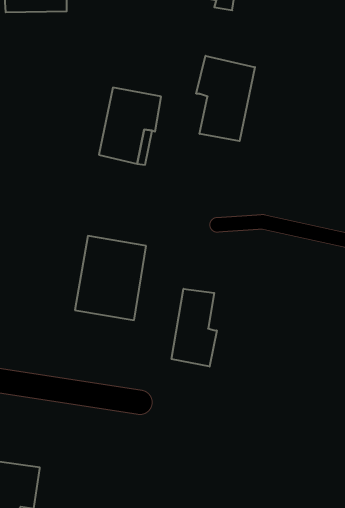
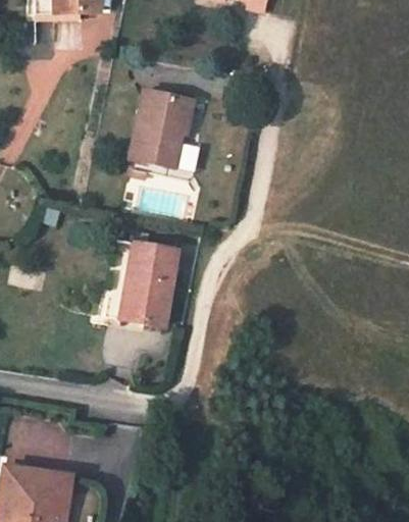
building: [196,56,255,141] -> none
building: [172,289,217,367] -> none

